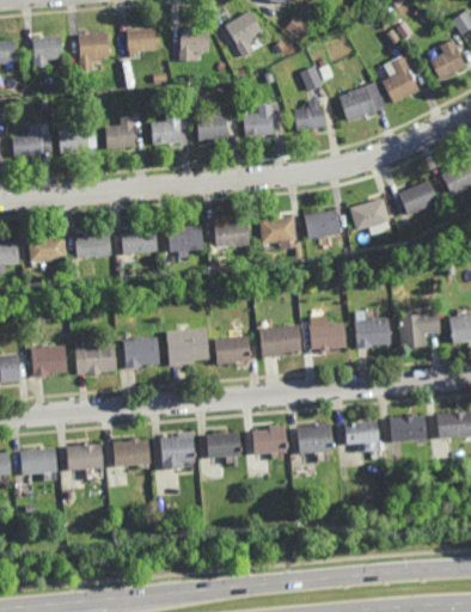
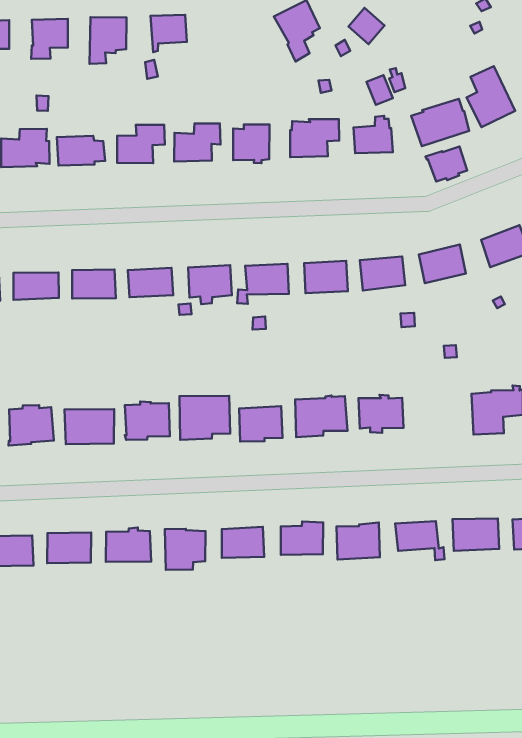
building: [179,30,208,61] -> none
building: none -> [425,147,467,182]
building: [354,317,391,349] -> none

